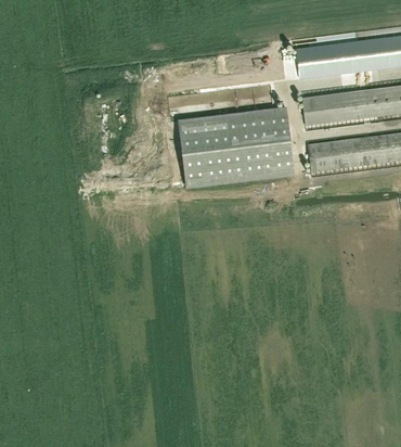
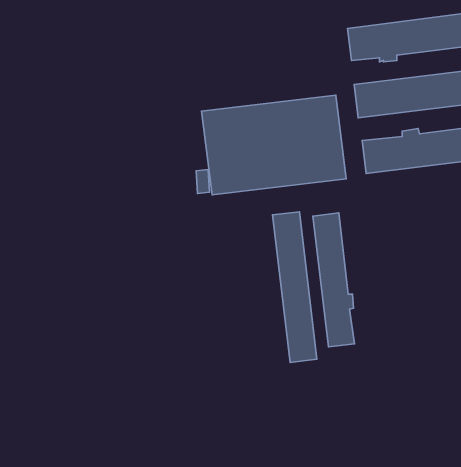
building: none -> [273,212,317,363]
building: none -> [313,213,354,347]

